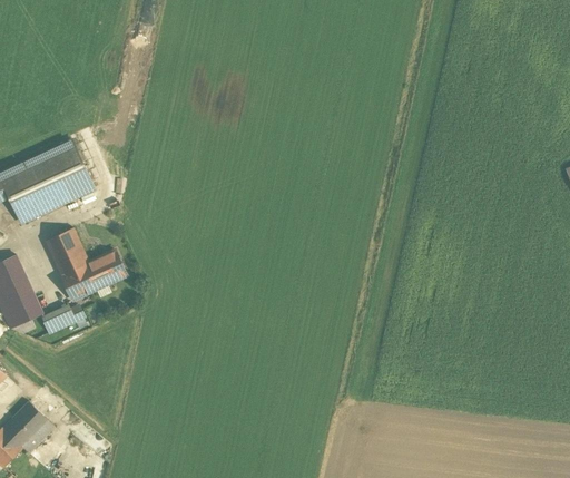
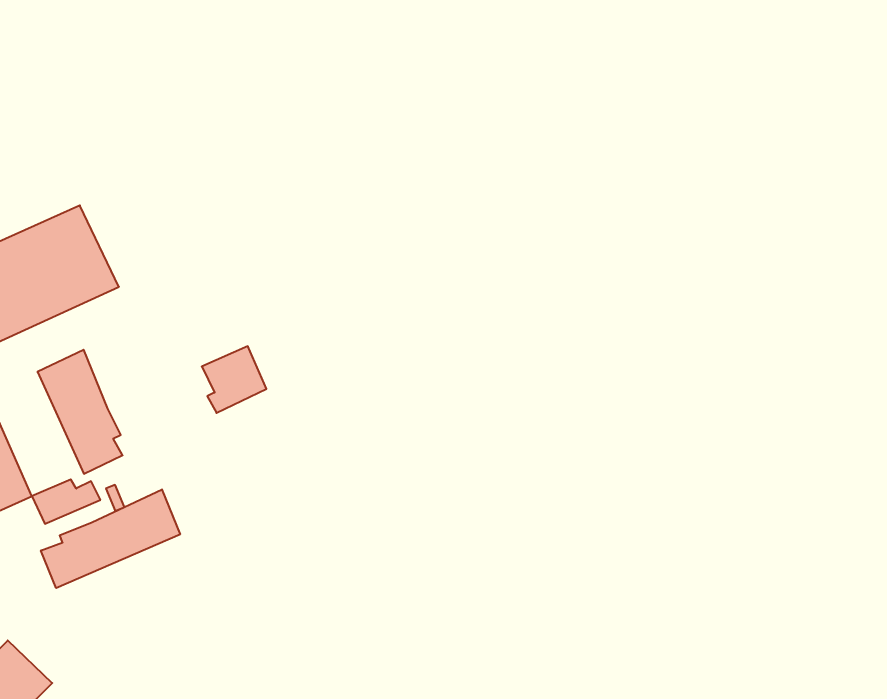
building: [88,251,127,291] -> [202,346,266,413]
building: none -> [41,489,180,588]

